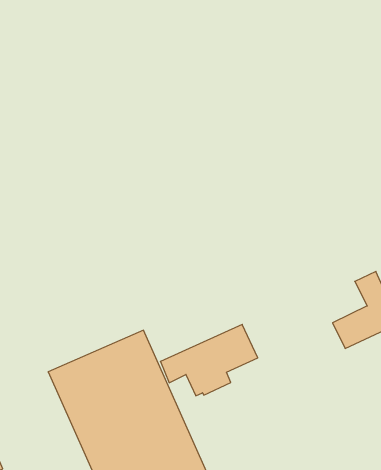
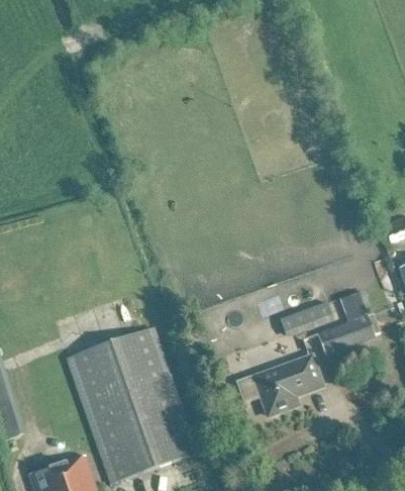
building: none -> [280,301,333,336]
building: [160,324,258,396] -> [238,356,323,414]

